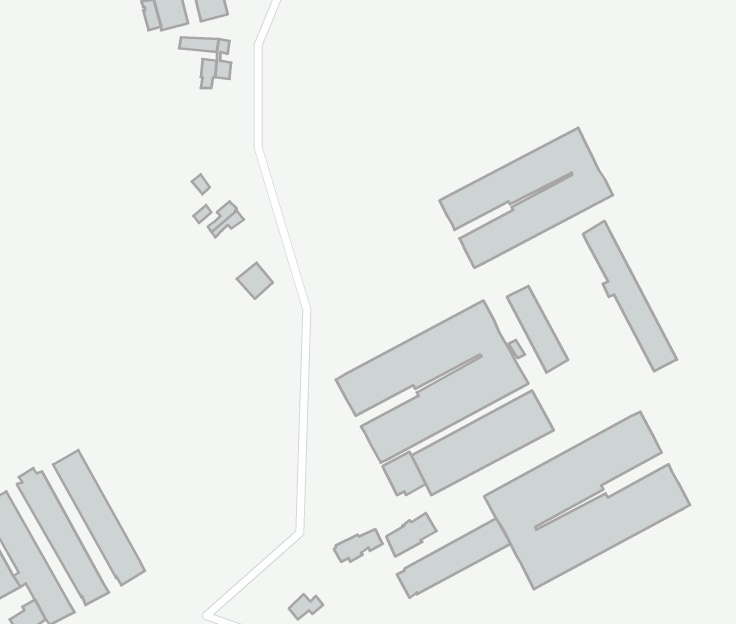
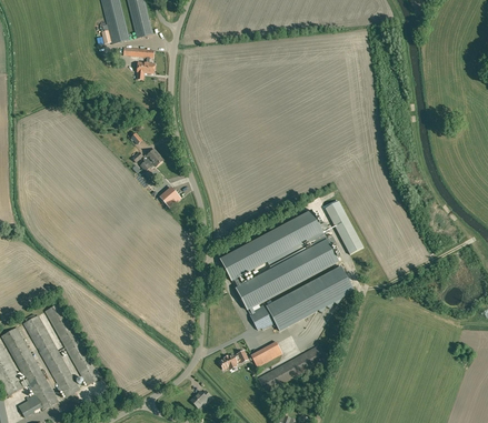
building: [440,128,613,268] -> none
building: [583,221,677,371] -> none
building: [484,412,690,589] -> none

